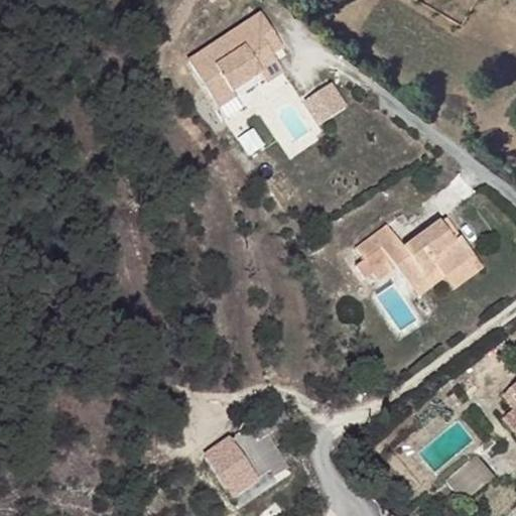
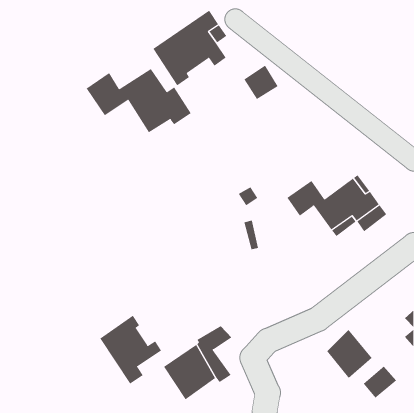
building: none -> [86,68,192,133]
building: none -> [99,315,162,384]
building: none -> [326,329,373,379]

